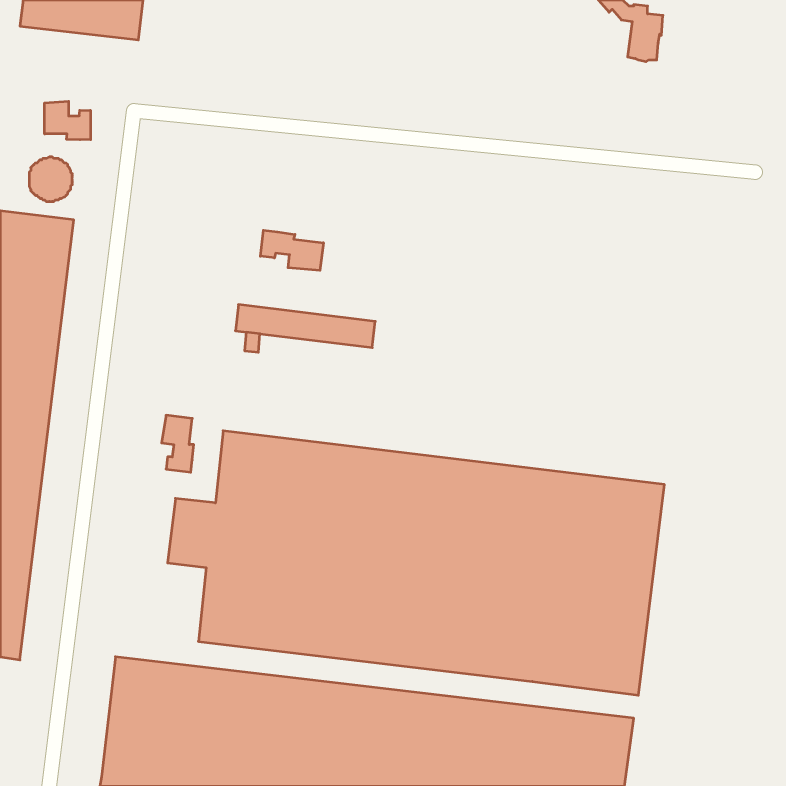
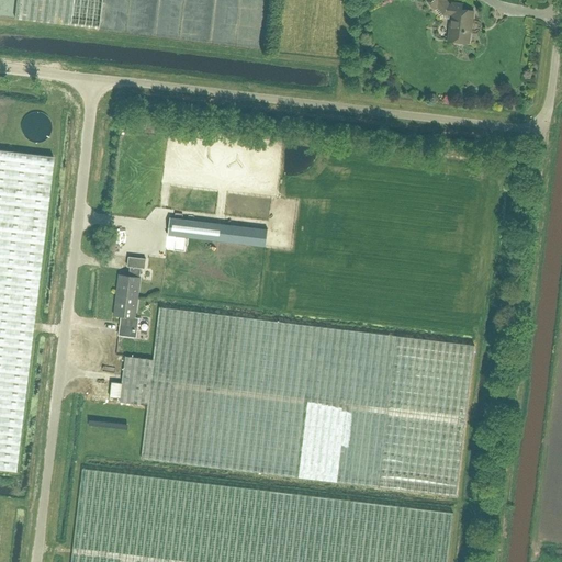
building: [45,101,91,140] -> none
building: [260,230,323,270] -> none
building: none -> [119,257,146,299]

